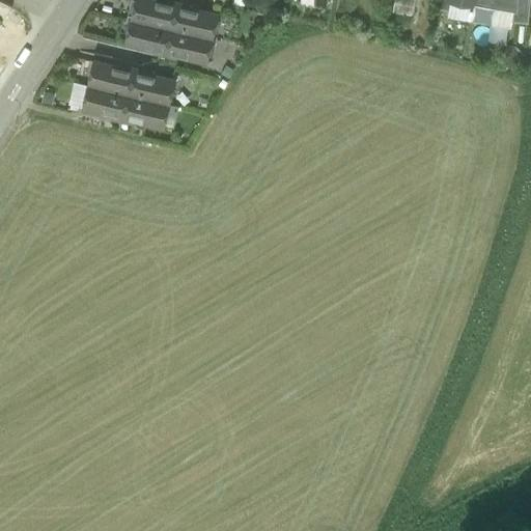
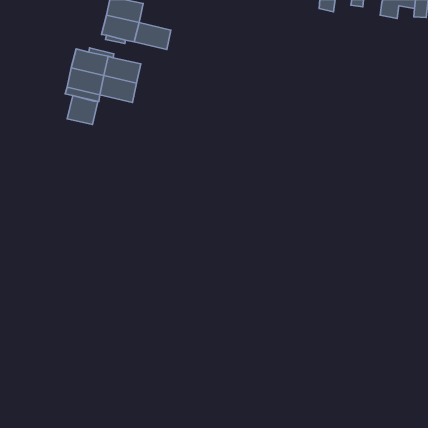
building: [172,4,218,37] -> none
building: none -> [67,96,98,124]

